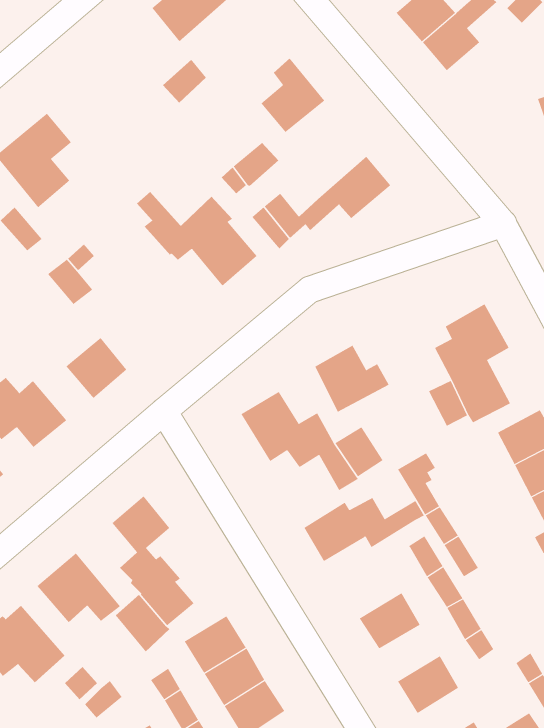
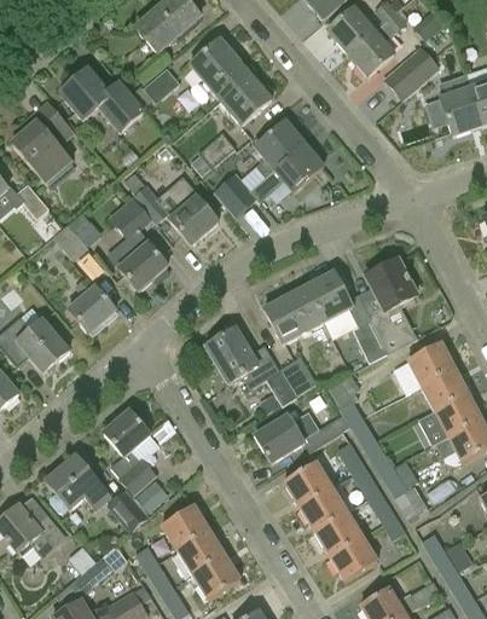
building: none -> [190,39,244,102]
building: none -> [384,46,435,94]
building: none -> [59,68,144,131]
building: none -> [255,121,305,177]
building: none -> [106,198,167,290]
building: none -> [294,271,353,323]
building: none -> [283,461,332,507]
building: none -> [381,467,429,522]
building: none -> [314,511,363,556]

